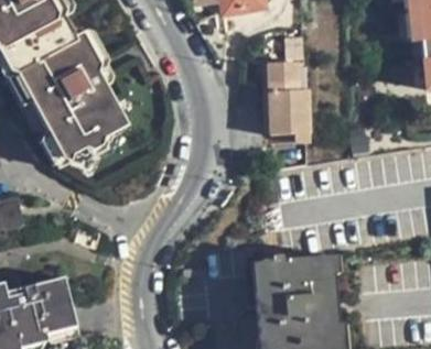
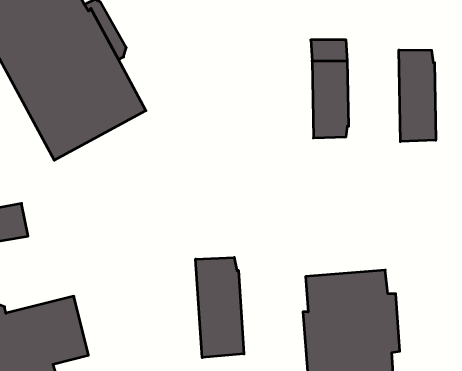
building: none -> [399,50,436,142]
building: none -> [196,257,244,358]

